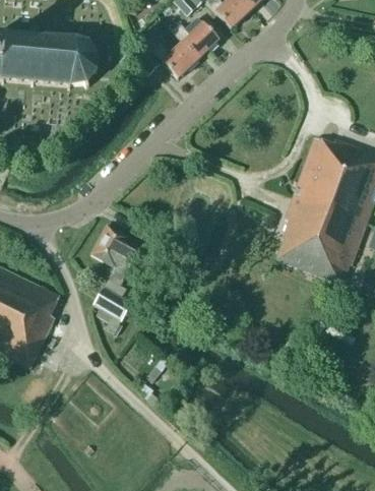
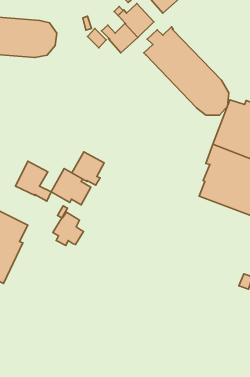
building: none -> [144,27,229,115]
building: none -> [72,152,104,185]
building: none -> [16,161,51,201]

